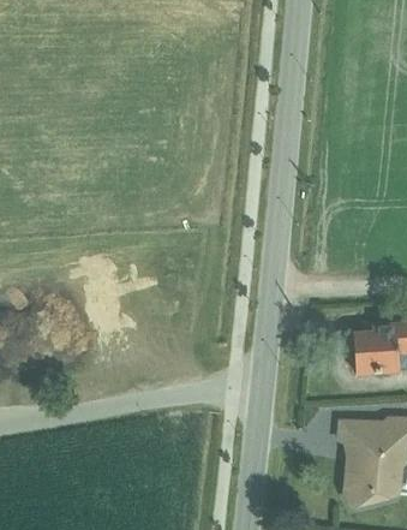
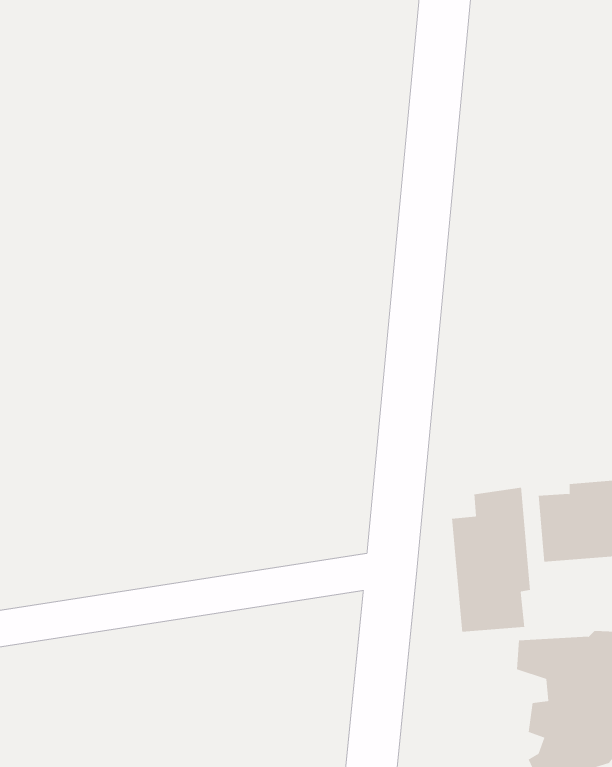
building: none -> [451,487,530,633]

